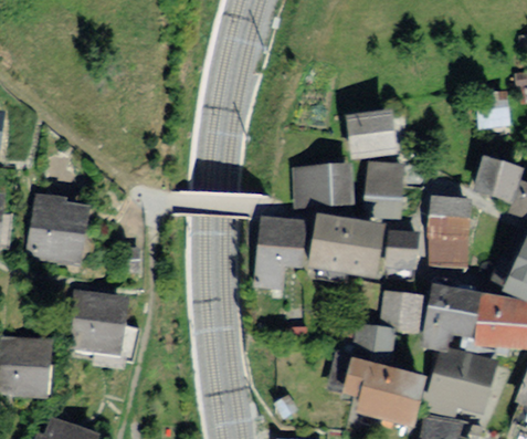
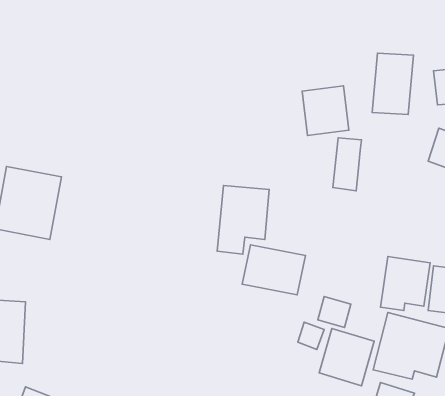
building: [292,165,350,202] -> none
building: [426,200,470,264] -> [372,53,414,115]
building: [315,221,381,273] -> [242,245,306,295]
building: [386,227,417,266] -> none
building: [65,289,131,359] -> none
building: [382,289,423,328] -> none

